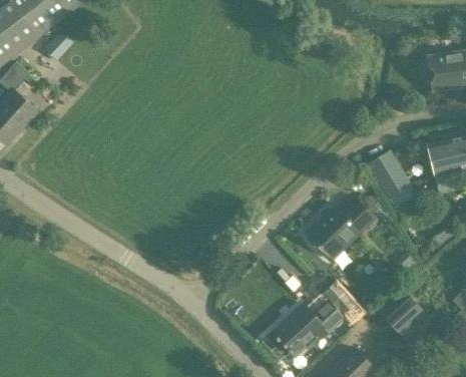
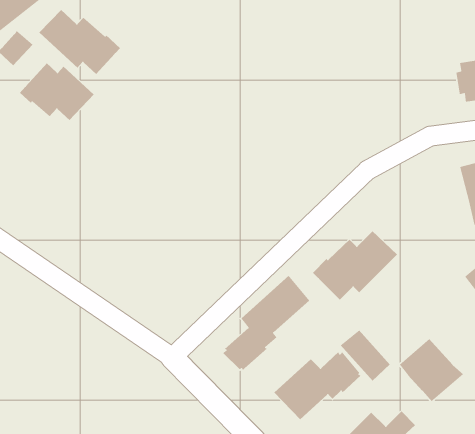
building: none -> [39,9,121,75]
building: none -> [19,63,95,121]
building: [366,149,417,210] -> none
building: none -> [223,275,310,371]

